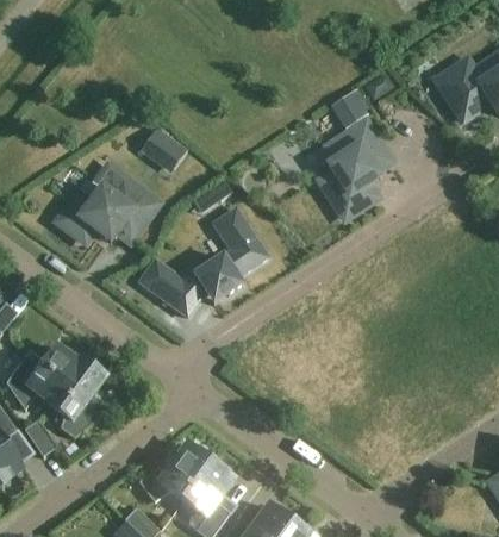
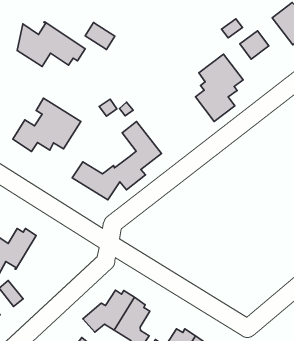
building: none -> [17,22,85,67]
building: [330,87,370,126] -> [240,31,269,59]
building: [144,129,186,168] -> [85,23,115,50]
building: [49,358,105,437] -> none

